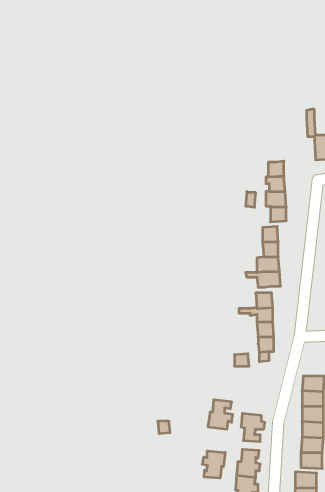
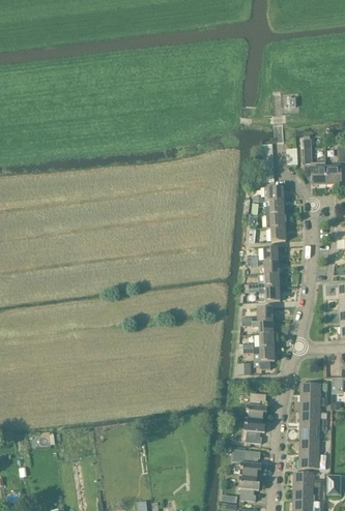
building: [208,400,233,429] -> [245,392,267,419]
building: [202,451,225,478] -> none

